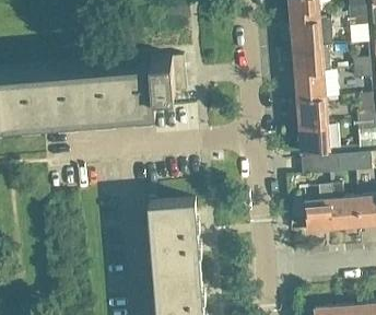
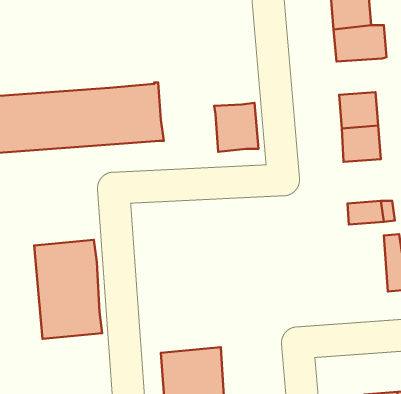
building: [292,47,329,75] -> none
building: [151,57,186,95] -> [214,103,259,152]
building: [297,126,329,154] -> none
building: [148,200,201,278] -> [34,240,102,339]
building: [304,200,332,232] -> none

